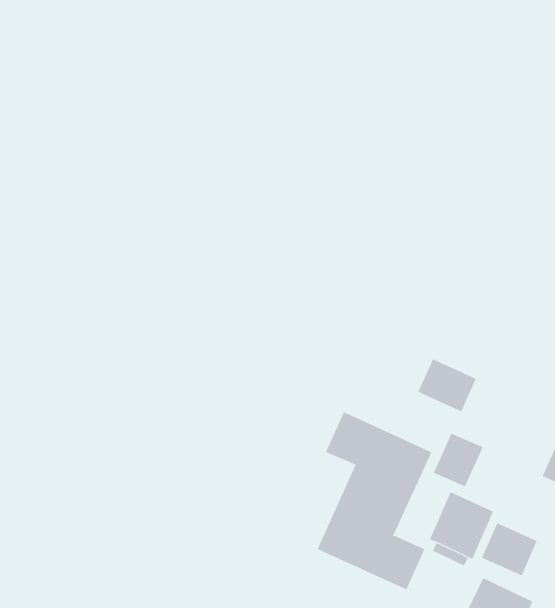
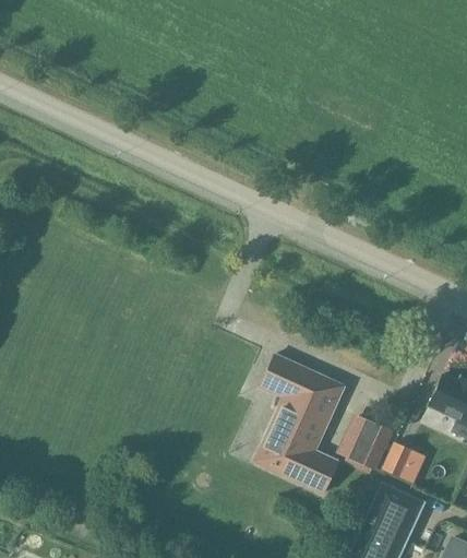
building: [418,359,477,412] -> none
building: [433,433,483,487] -> none

